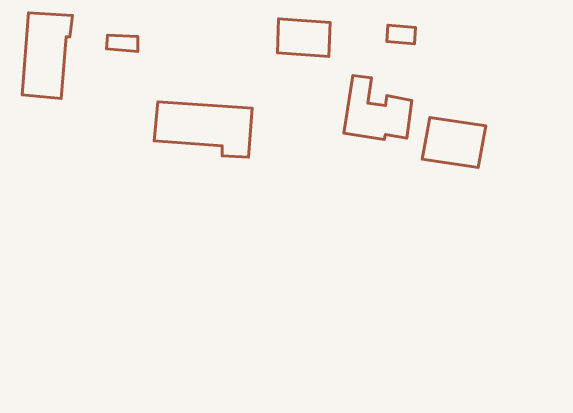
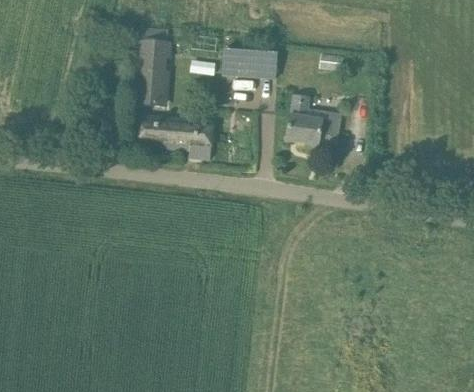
building: [22,13,72,99] -> [134,38,174,106]
building: [422,117,486,168] -> none

